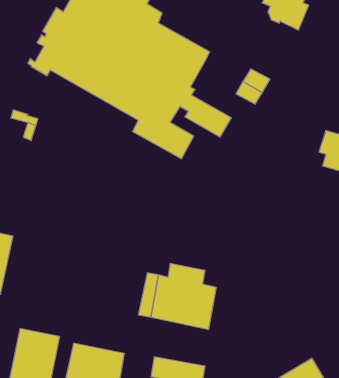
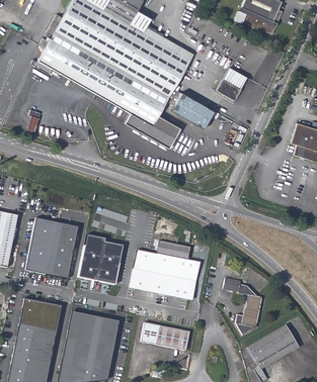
building: none -> [24,216,78,276]
building: none -> [78,230,125,283]
building: none -> [223,277,262,332]

